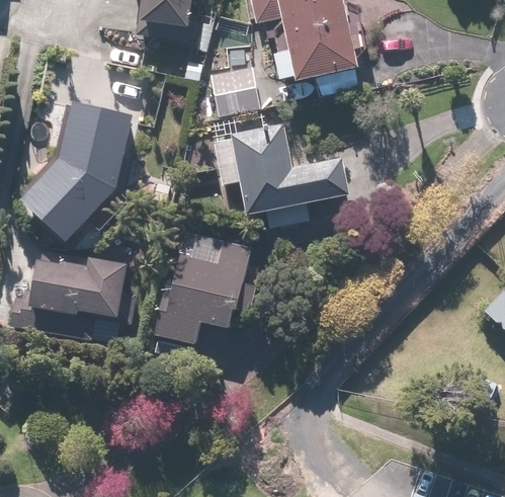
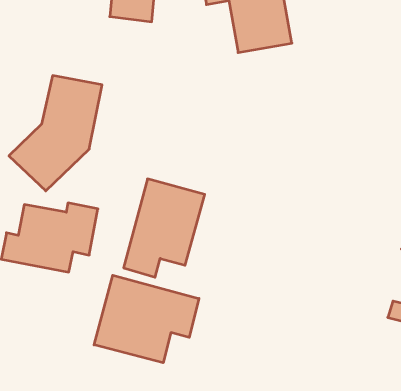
building: [211,65,260,115] -> none
building: [212,116,350,226] -> none
building: none -> [94,275,199,363]

